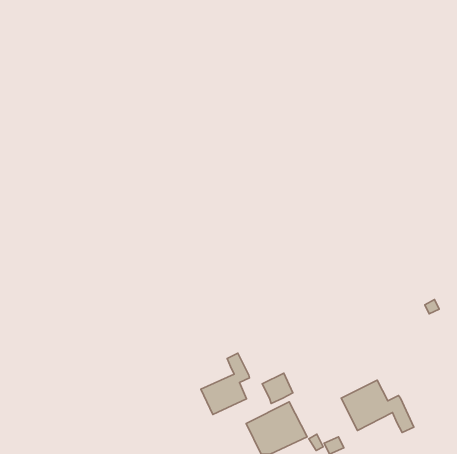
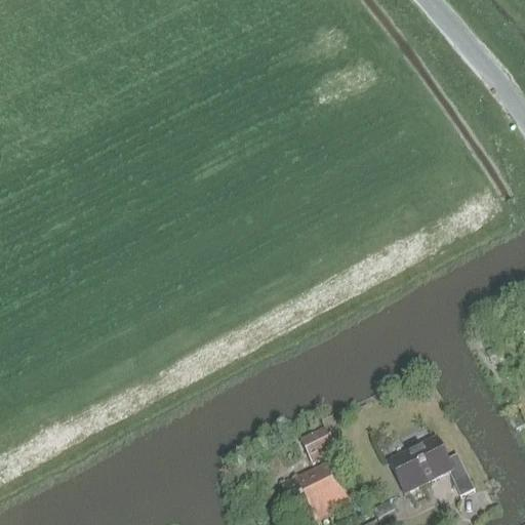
building: [201,353,250,415] -> none

